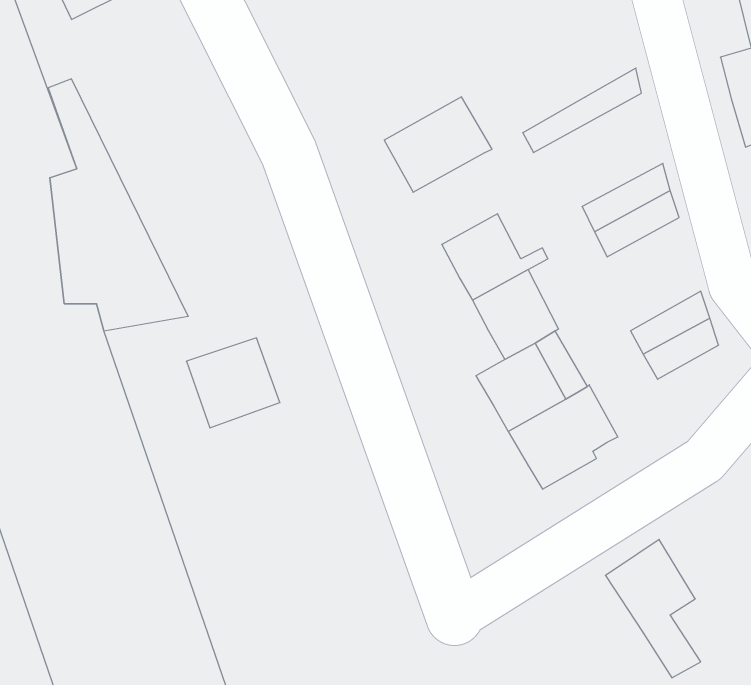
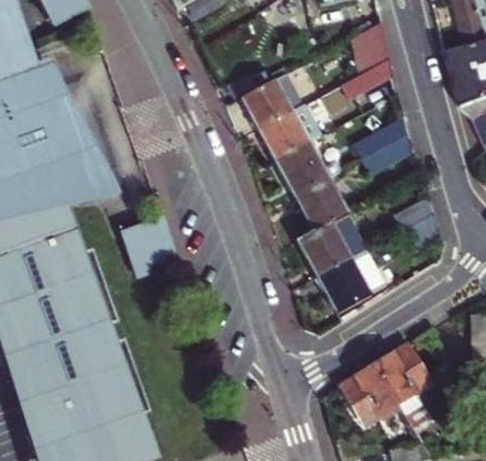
building: none -> [354,19,395,73]
building: none -> [258,107,320,163]
building: none -> [344,365,399,421]

